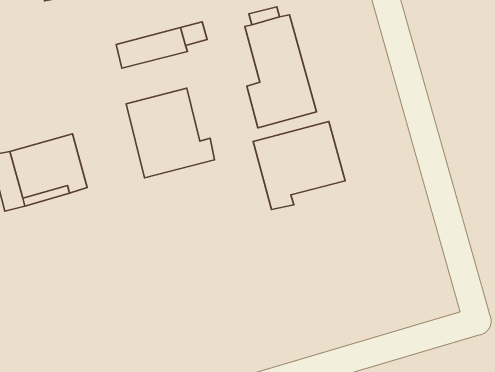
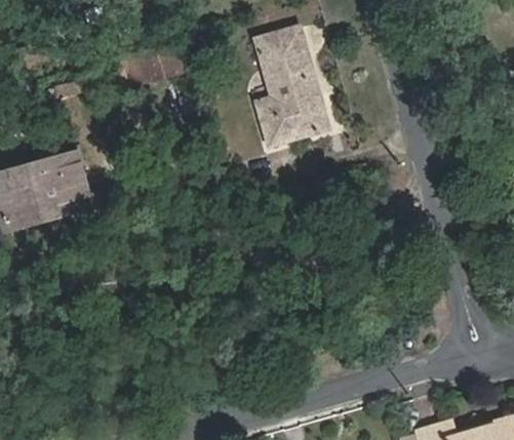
building: [126,88,214,178] -> none
building: [253,121,345,210] -> none

